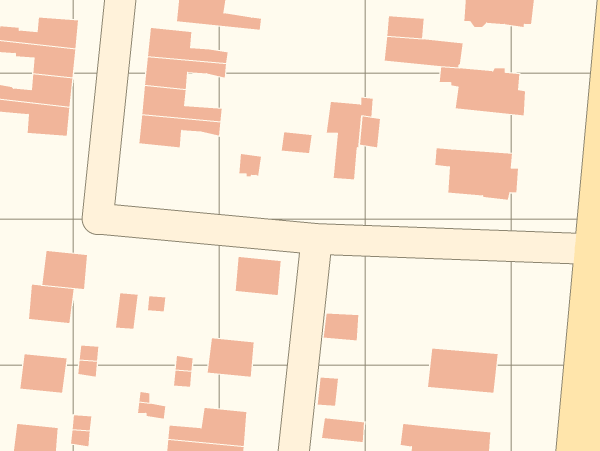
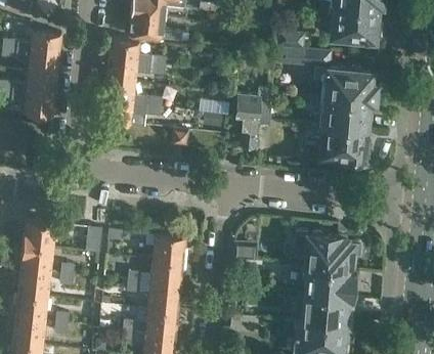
building: none -> [319,97,374,129]
building: [41,250,88,290] -> [20,246,53,273]
building: [235,256,281,296] -> [153,234,185,262]
building: none -> [294,233,356,270]
building: none -> [147,283,181,311]
building: none -> [304,294,352,325]
building: none -> [15,295,48,322]

